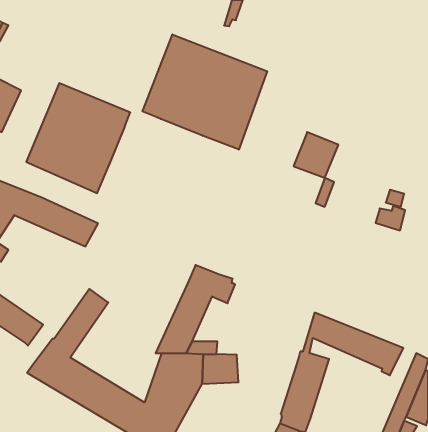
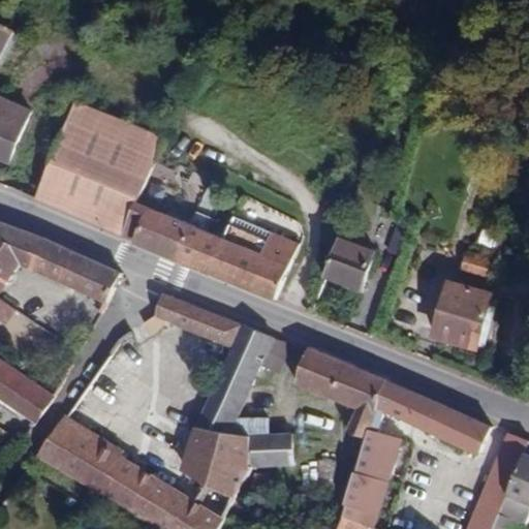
building: [142,34,267,150] -> none
building: [294,132,338,178] -> [322,236,377,291]
building: none -> [119,200,297,299]
building: none -> [435,289,488,346]
building: none -> [154,294,239,346]
building: none -> [295,347,385,438]

